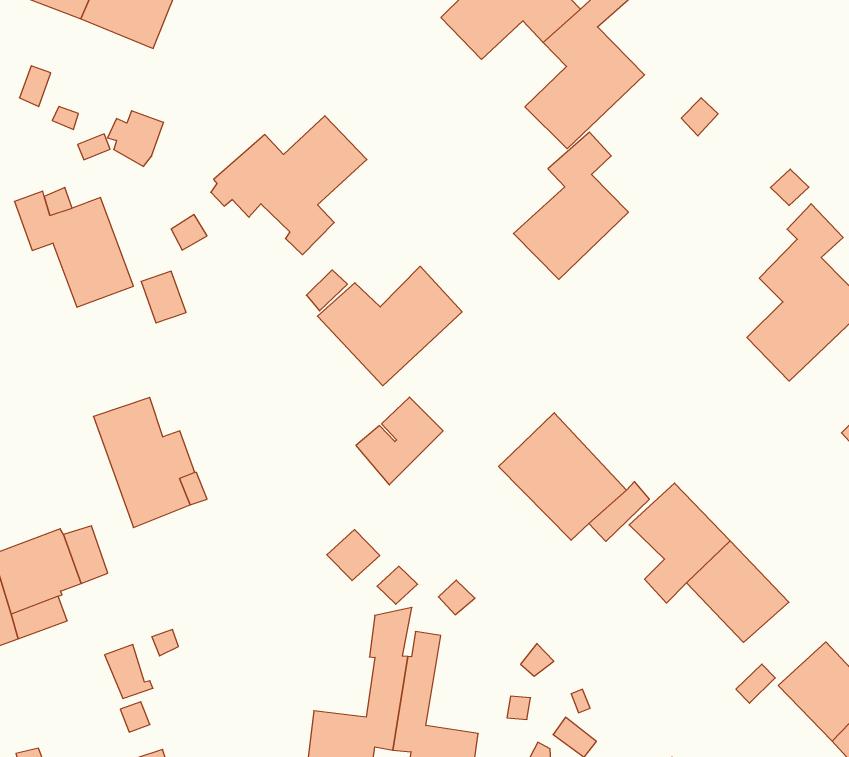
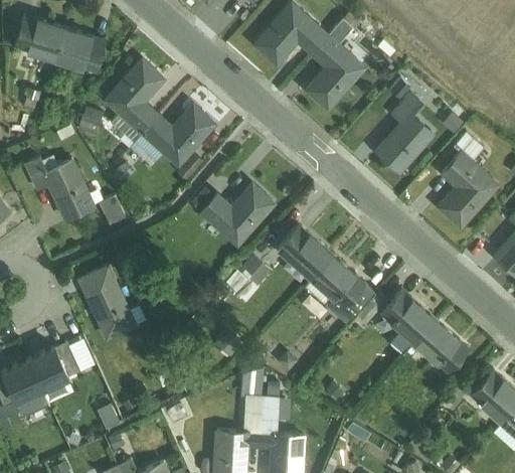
building: none -> [103,57,167,150]
building: [513,132,628,279] -> [373,91,436,173]
building: none -> [276,224,333,281]

